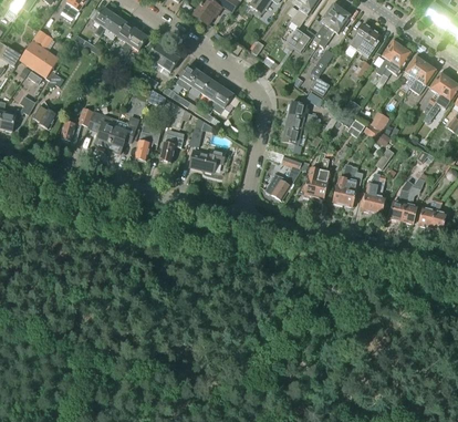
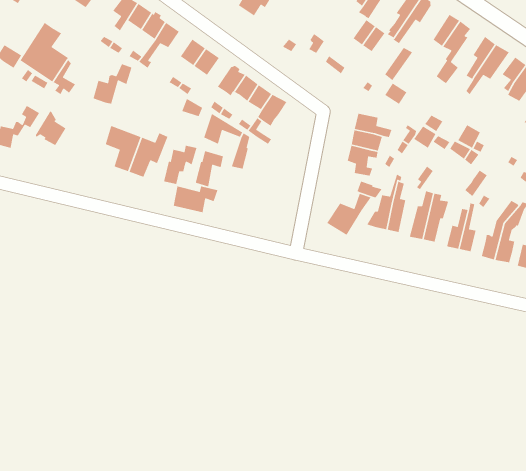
building: [60,109,92,142] -> [92,63,132,104]
building: [189,150,226,172] -> [173,186,218,213]

